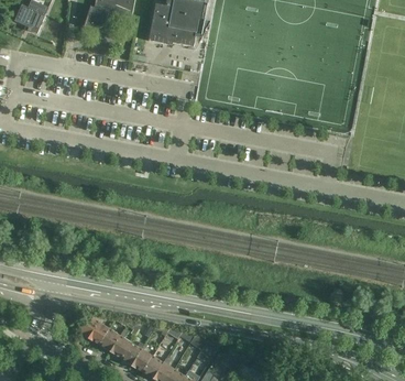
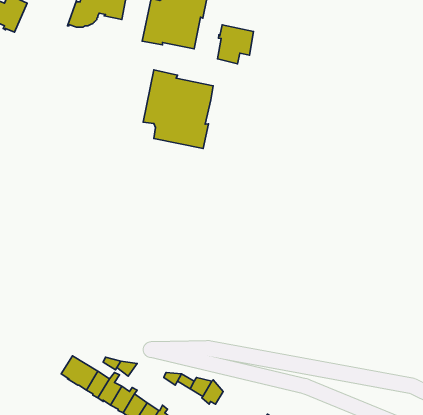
building: none -> [217,25,254,64]
building: none -> [143,70,213,148]

